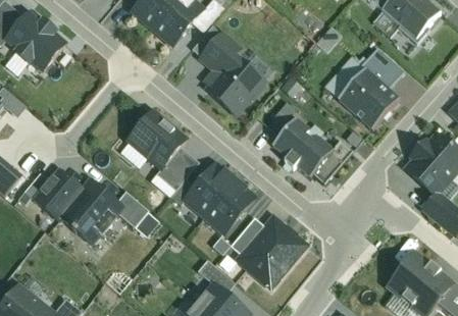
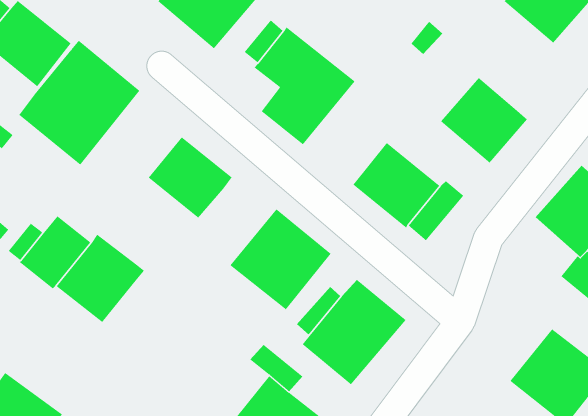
building: none -> [19,40,140,165]
building: [361,49,403,90] -> none
building: [155,148,197,191] -> none
building: [115,192,148,228] -> none

